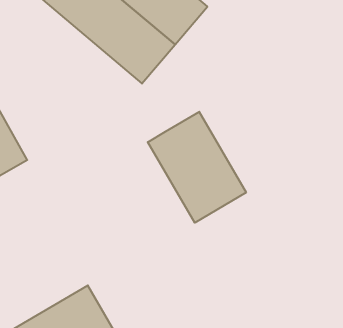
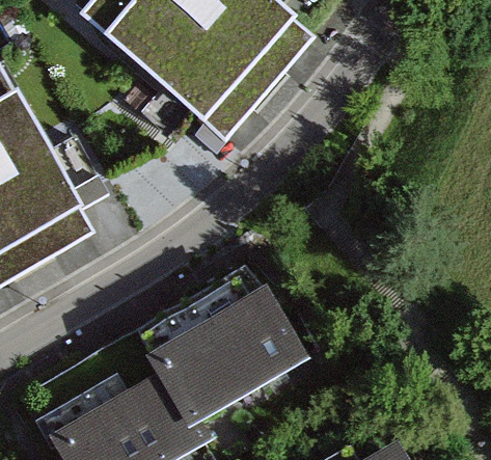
building: [148,112,246,223] -> none
building: none -> [146,296,292,424]

